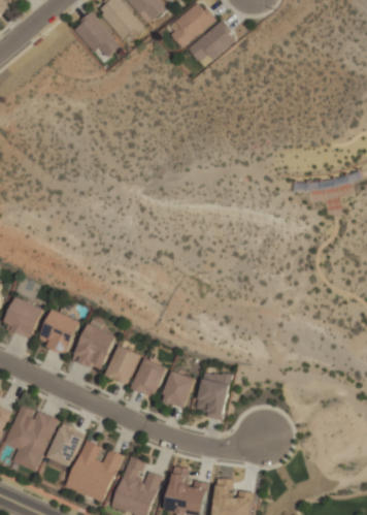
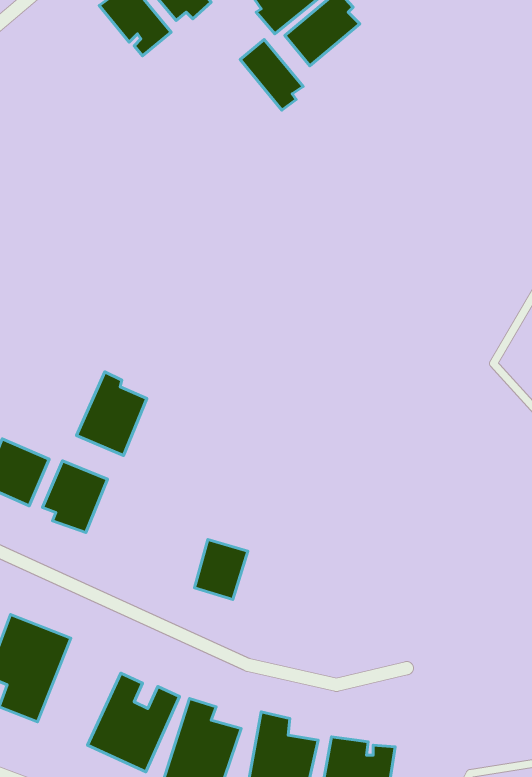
building: none -> [240,40,303,110]
building: [72,319,115,371] -> [77,372,147,455]
building: [105,345,141,384] -> none
building: [162,371,195,408] -> none
building: [196,371,231,420] -> none
building: [47,422,85,466] -> none

